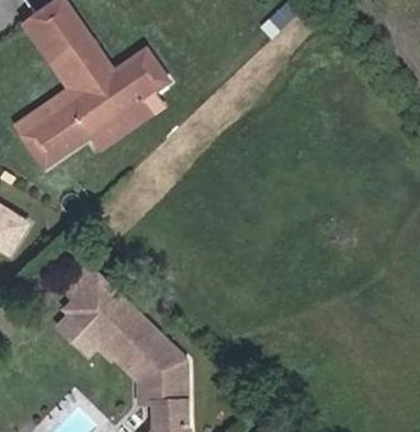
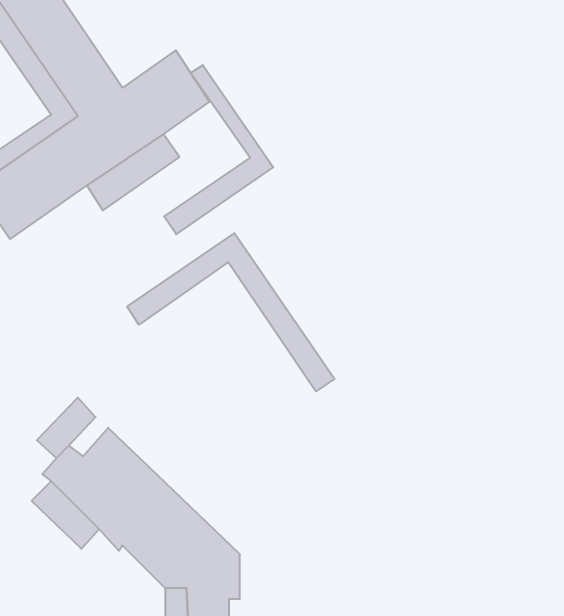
building: none -> [164,65,273,234]
building: none -> [127,233,335,391]

